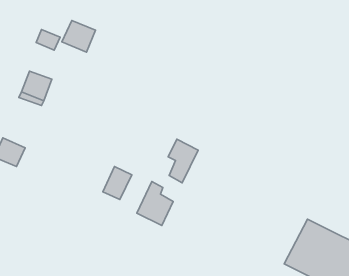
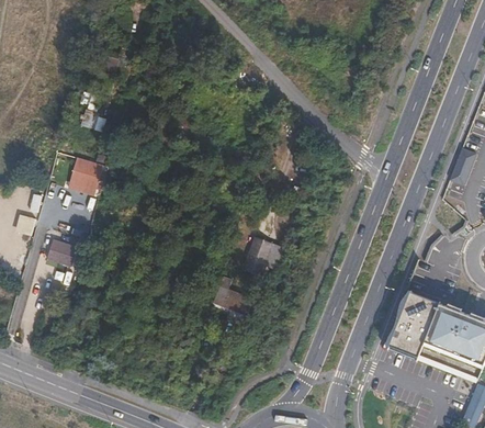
building: [62,21,96,52] -> none
building: [103,166,132,200] -> none

